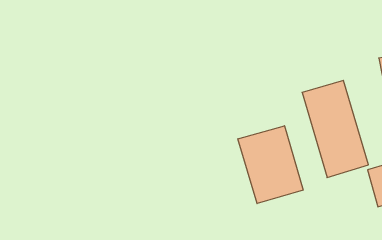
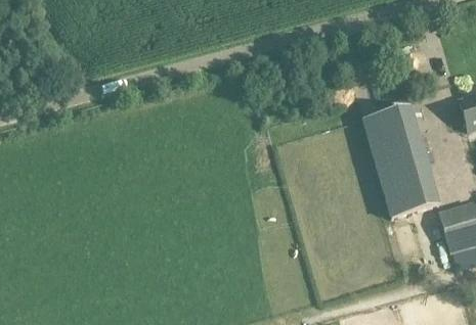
building: [238,126,303,204] -> none

